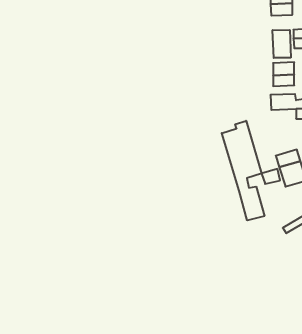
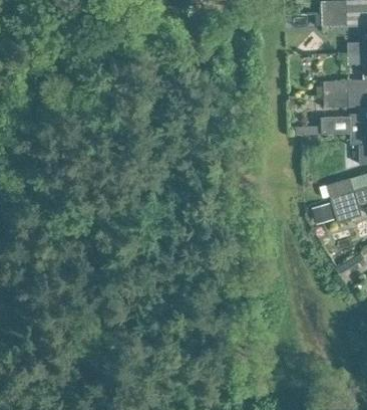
building: [273,30,291,58] -> none
building: [222,121,264,220] -> none

